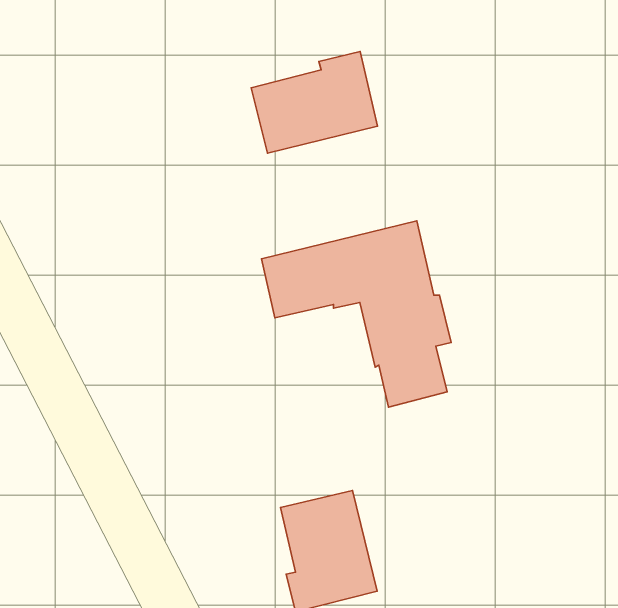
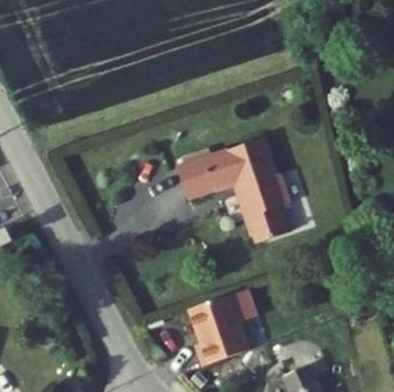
building: [251,52,378,153] -> none

